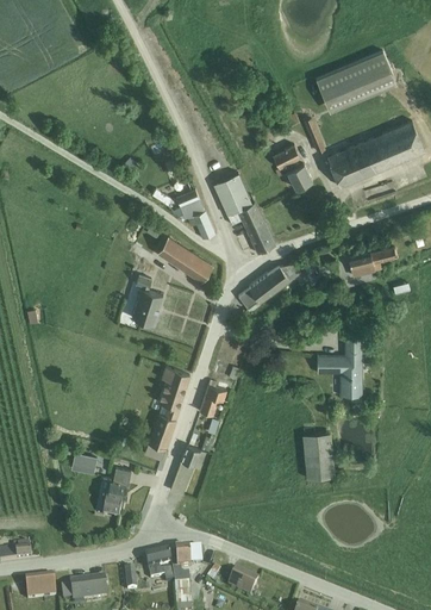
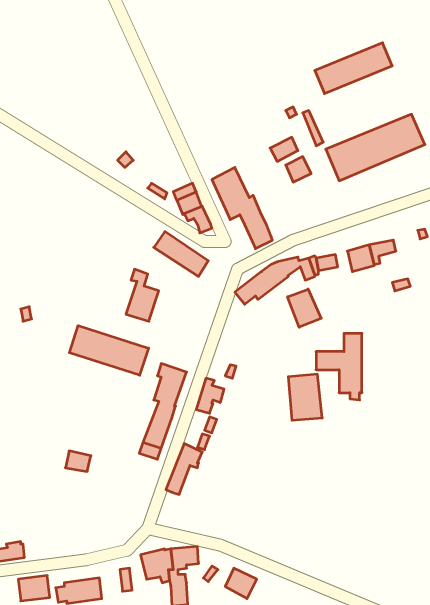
building: none -> [288,289,321,327]
building: none -> [69,326,149,375]
building: [301,434,335,479] -> [288,374,322,420]
building: [101,467,131,519] -> none

